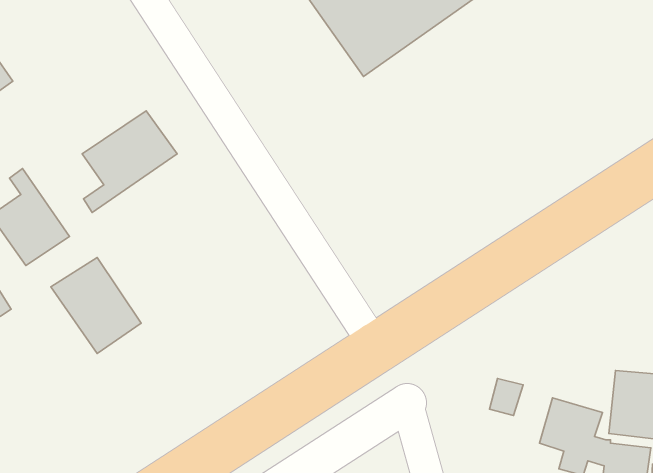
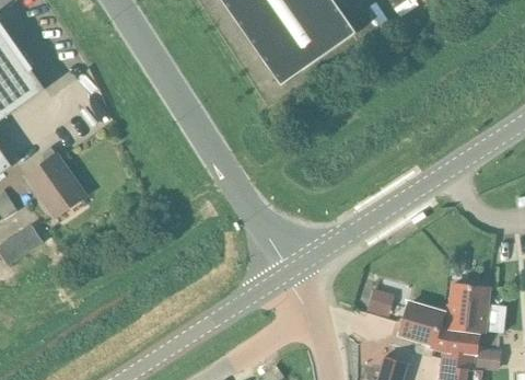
building: [82,111,177,213] -> none
building: [51,257,141,354] -> none

